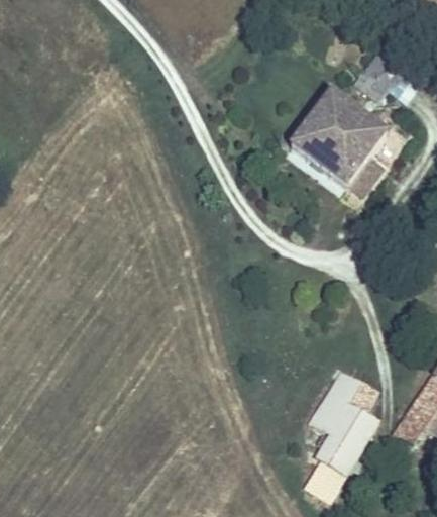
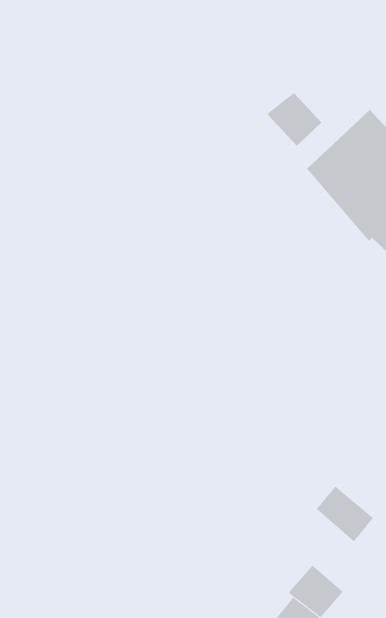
building: none -> [267,92,322,146]
building: [312,393,377,452] -> none

